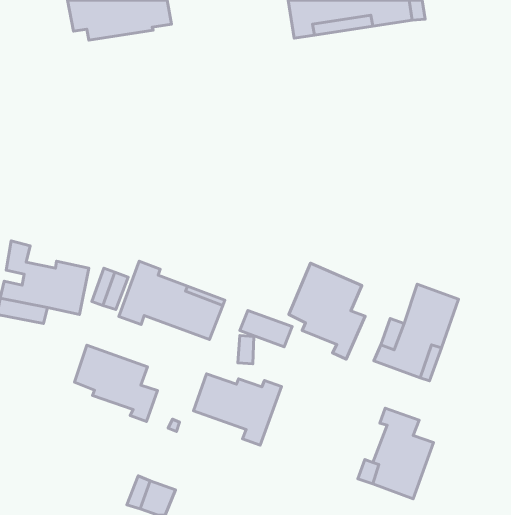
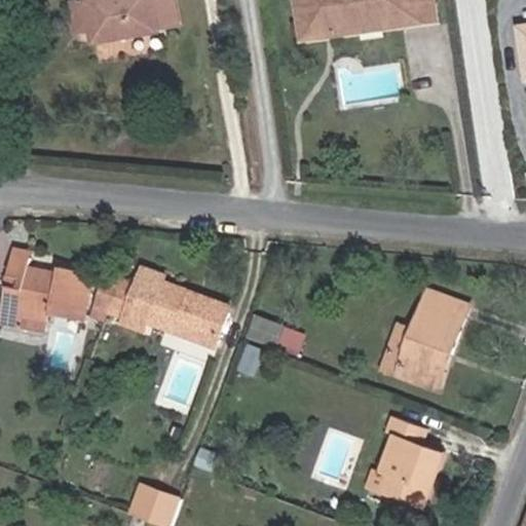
building: [289,263,365,359] -> none
building: [74,345,158,422] -> none
building: [194,374,281,445] -> none

